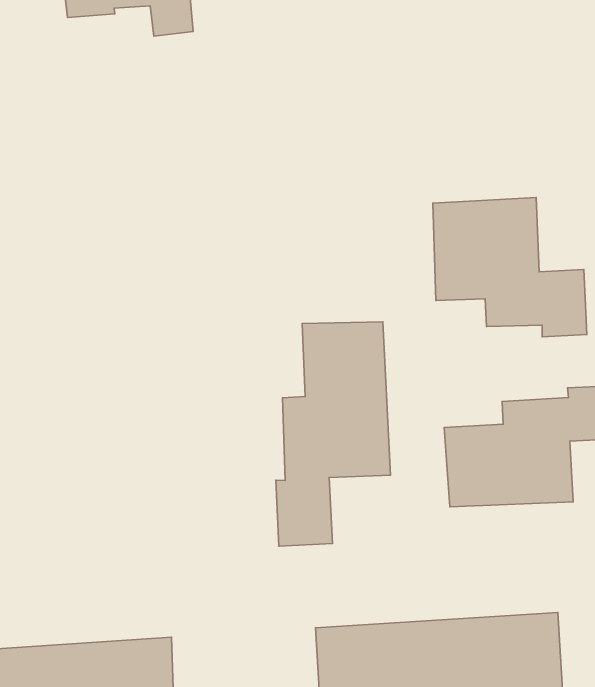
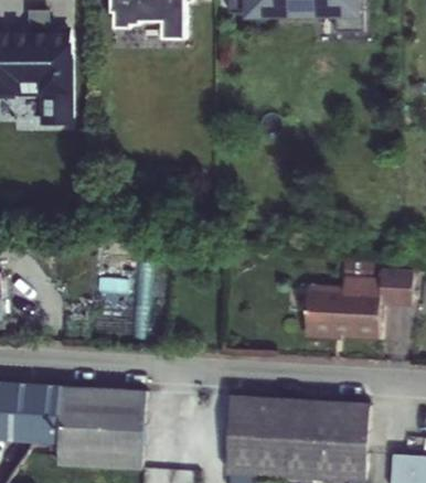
building: [433,197,587,337] -> none
building: [276,322,391,546] -> none

